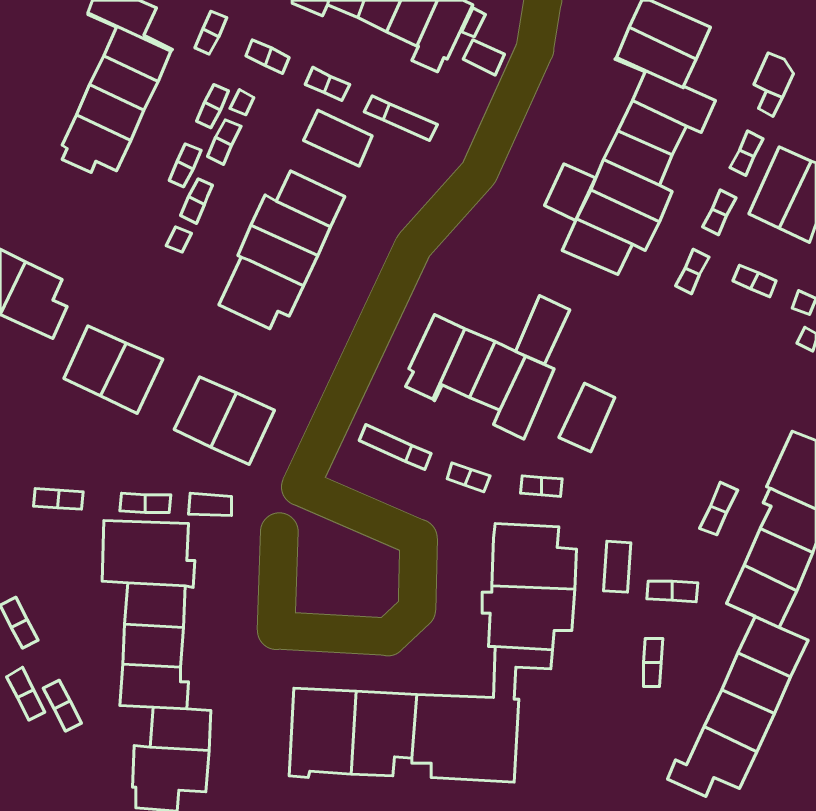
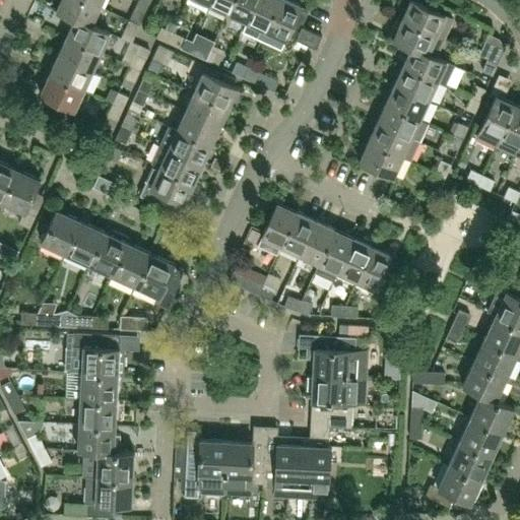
building: none -> [185,92,229,128]
building: [544,164,595,221] -> none
building: [516,296,570,364] -> [337,238,372,281]
building: none -> [87,232,129,276]

